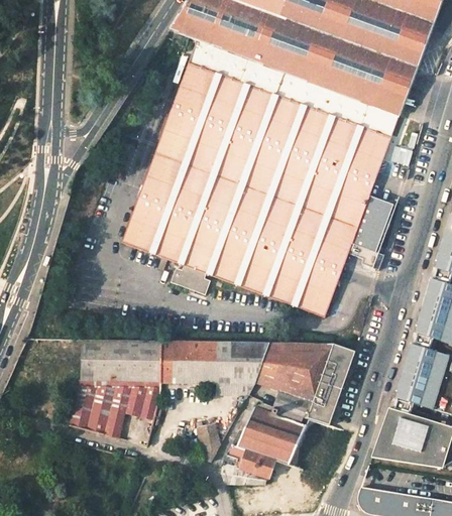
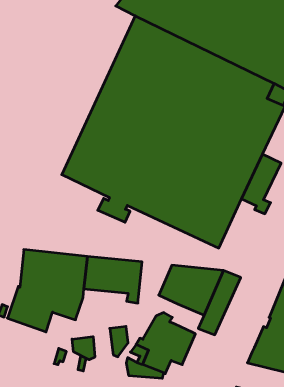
building: [230,342,268,394] -> none
building: [274,390,314,423] -> none
building: none -> [72,337,95,360]

